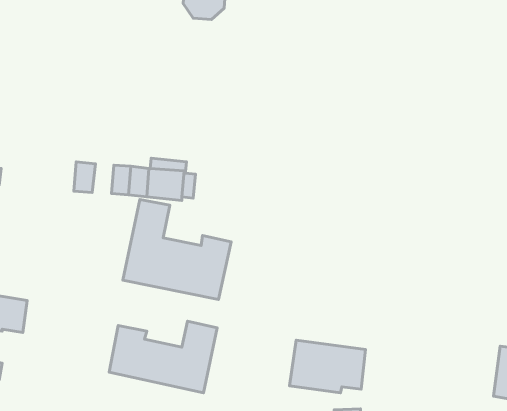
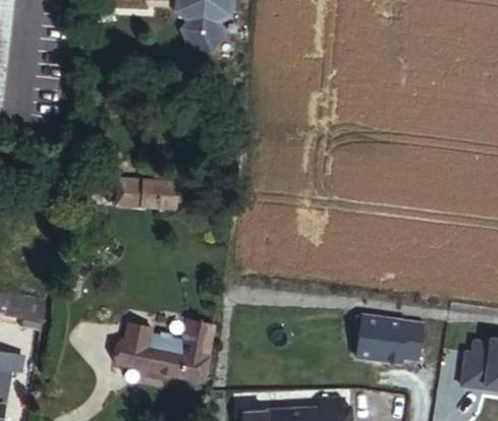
building: [123,200,231,300] -> none
building: [289,340,366,393] -> [354,316,423,363]

